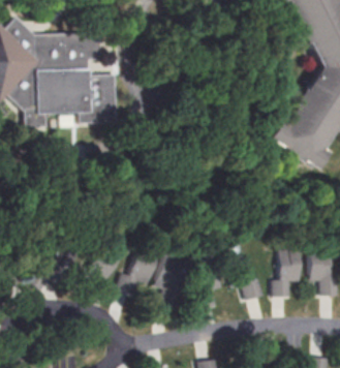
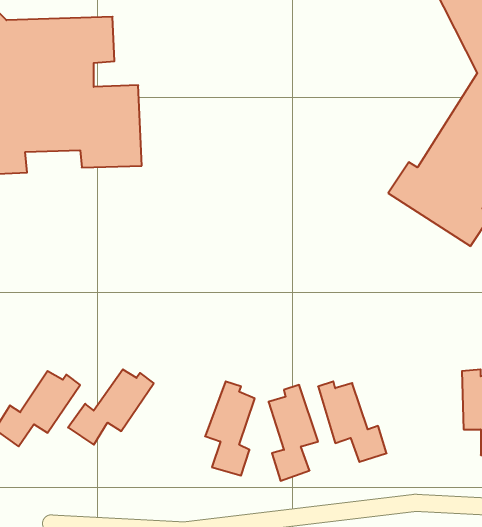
building: [274,246,302,298] -> none
building: [118,247,161,296] -> none

